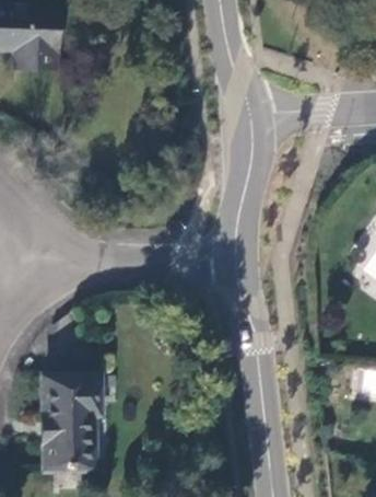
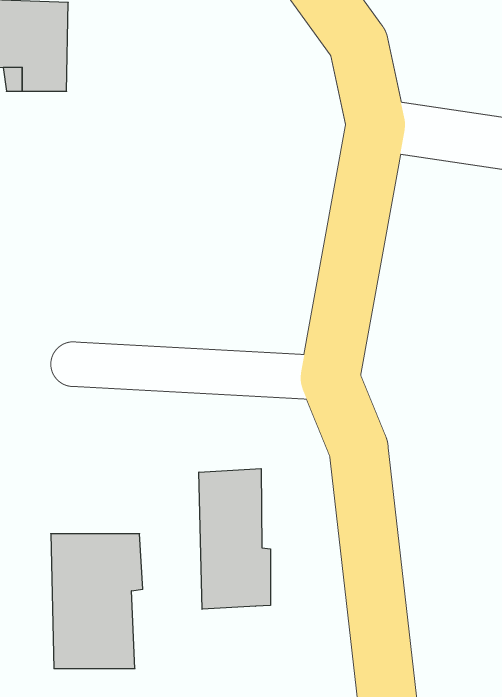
building: none -> [199,469,270,609]

